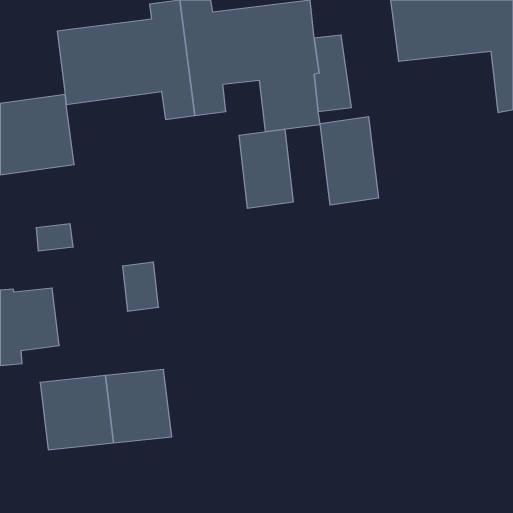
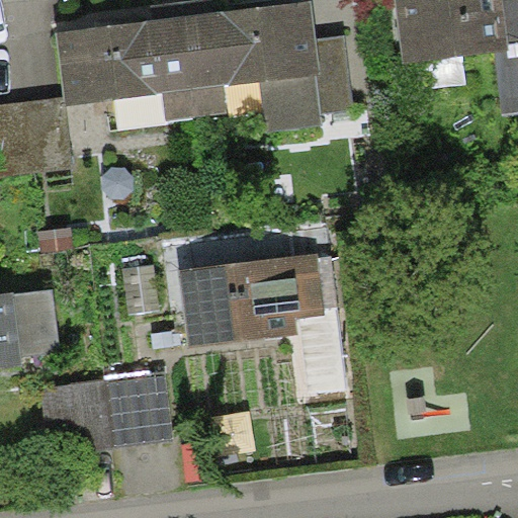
building: [320,117,379,205] -> none
building: [239,129,293,208] -> none
building: none -> [178,253,326,348]

